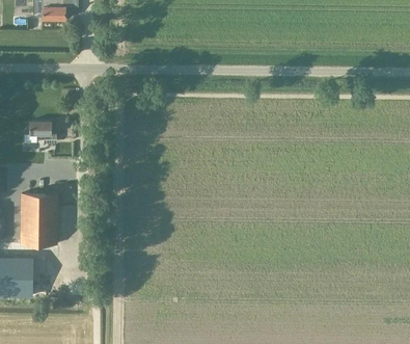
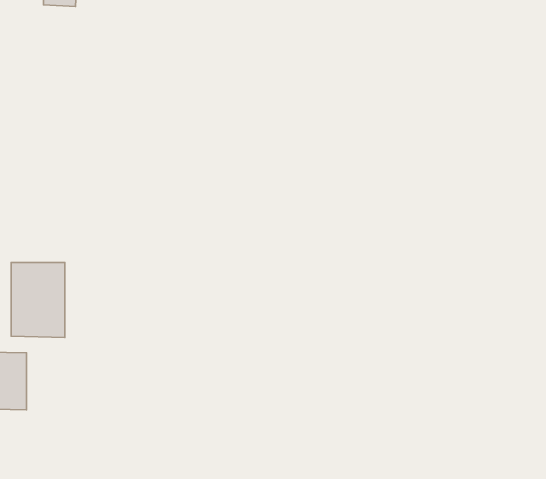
building: [29,123,56,140] -> none

